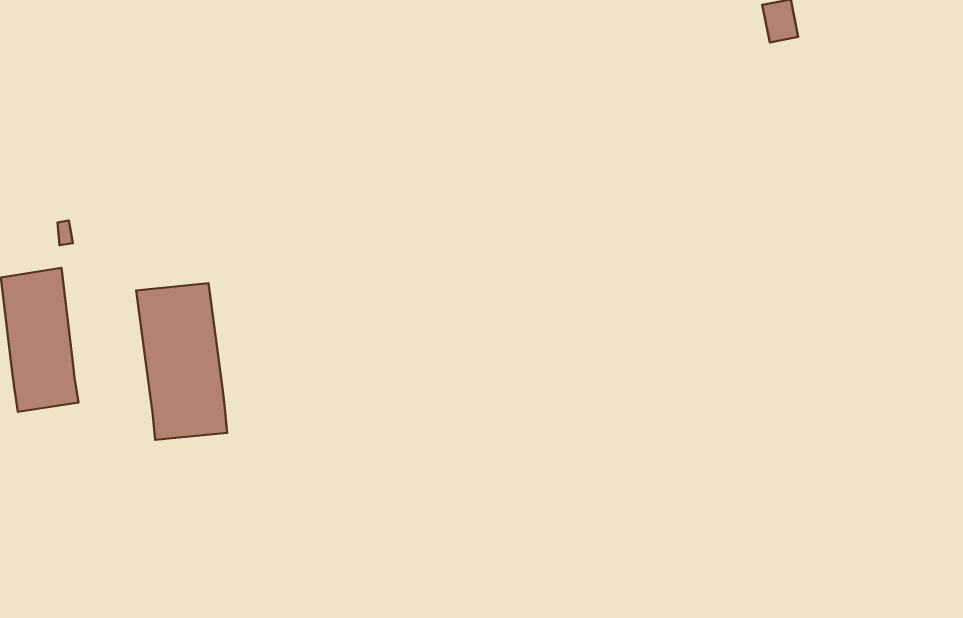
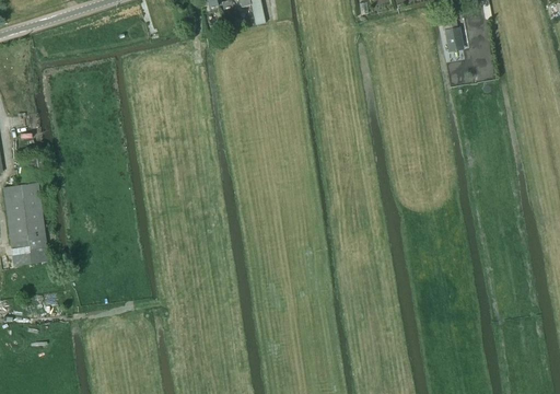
building: [136,283,227,440] -> none

